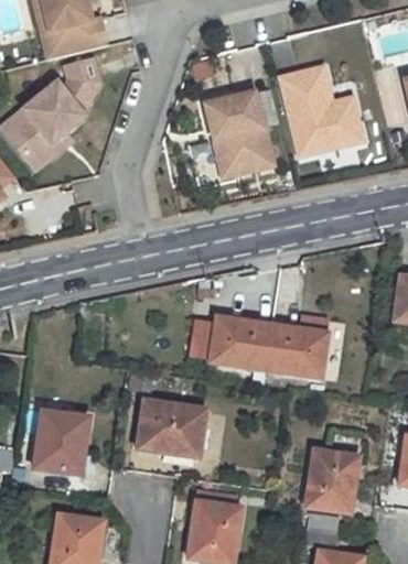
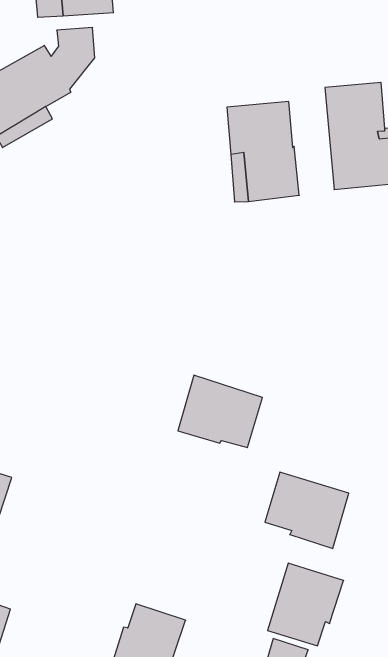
building: [266,325,328,378] -> [265,472,349,549]
building: [137,400,205,457] -> none

